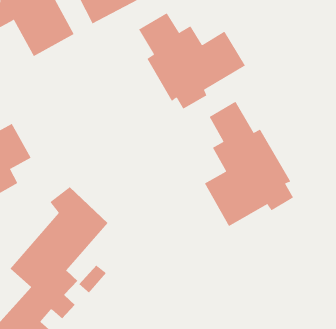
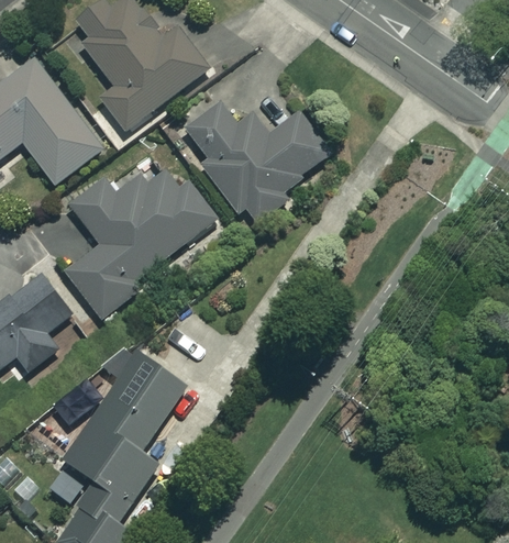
building: none -> [66,170,219,319]
building: [204,101,294,227] -> none

